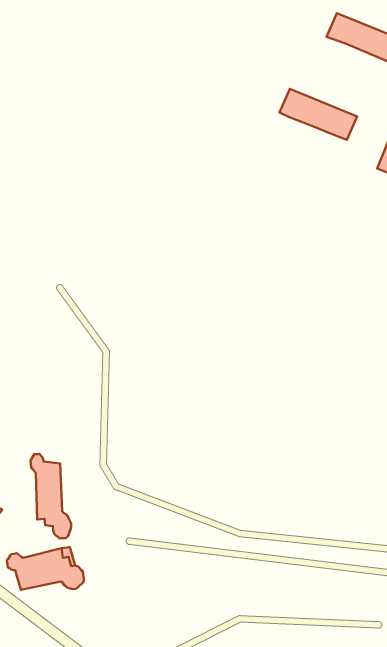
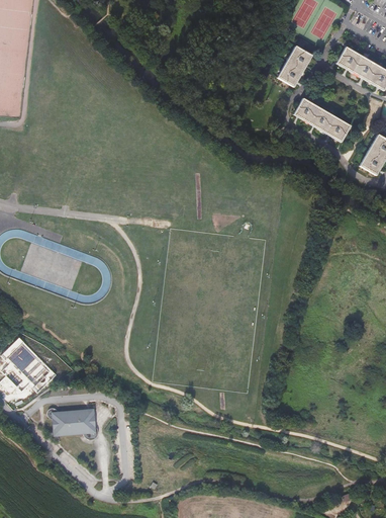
building: none -> [278,37,312,86]
building: [30,454,71,538] -> none

